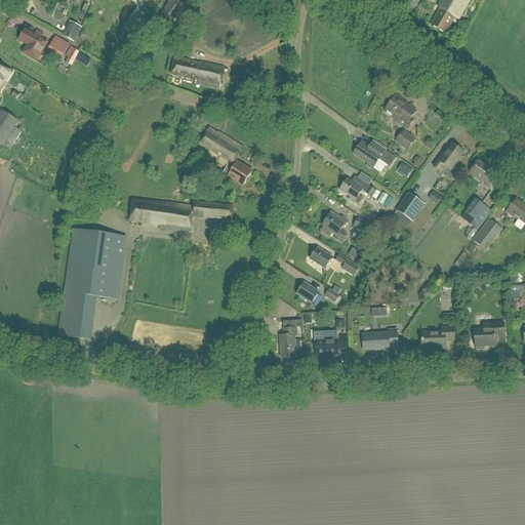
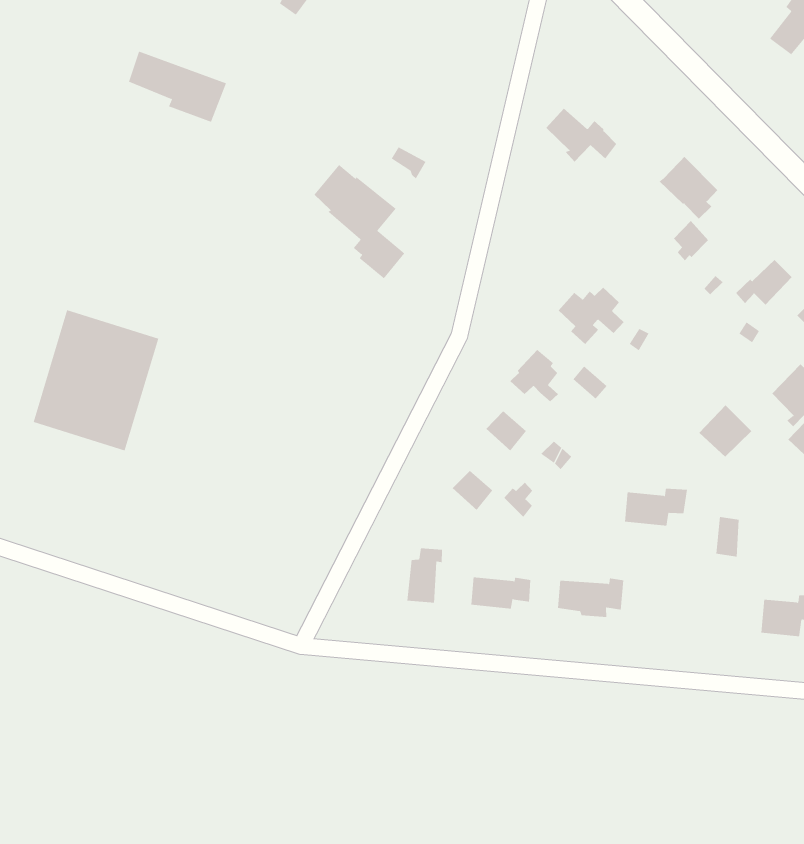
building: [171,54,225,87] -> [128,51,227,123]
building: [354,139,394,168] -> [546,108,617,163]
building: [396,191,425,219] -> [699,405,752,458]
building: [130,198,234,230] -> none
building: [58,291,86,336] -> none
building: [421,325,454,348] -> [624,488,688,526]

